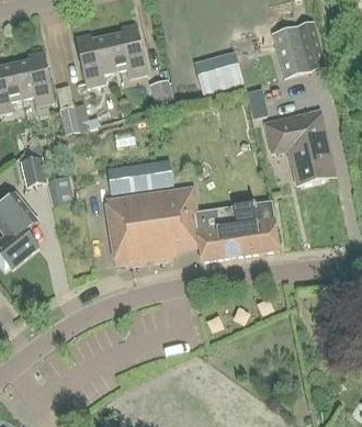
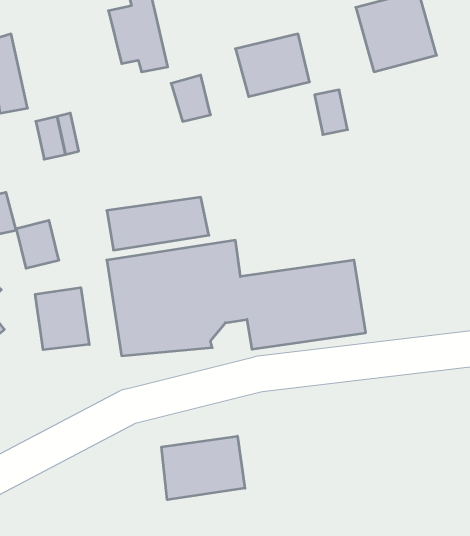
building: [75,34,115,86] -> none
building: [264,110,335,184] -> none
building: none -> [35,288,89,350]
building: none -> [162,436,245,500]

